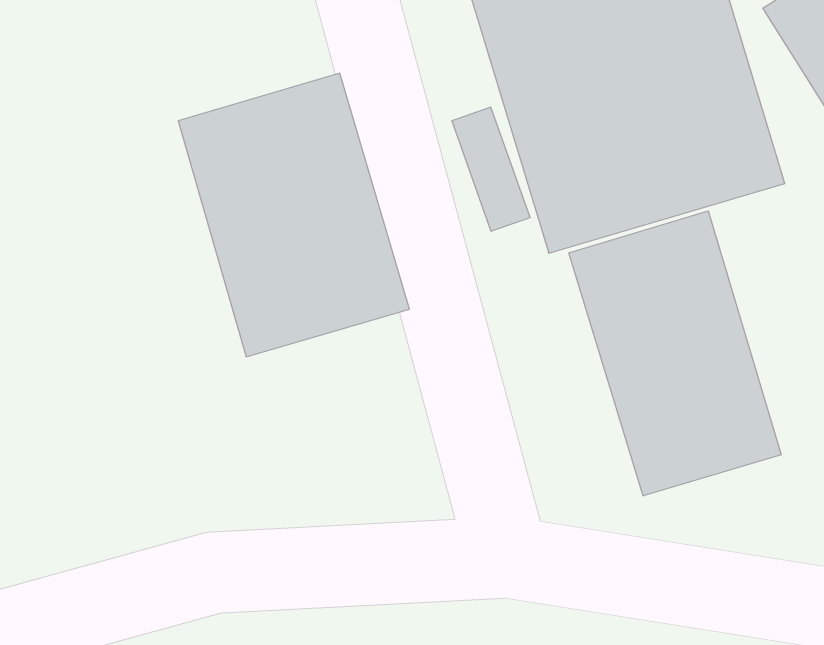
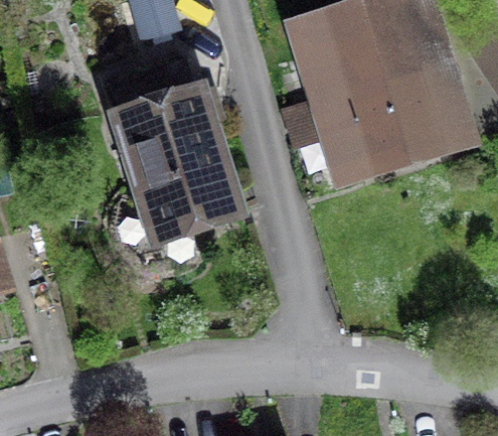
building: [569,211,781,496] -> none

